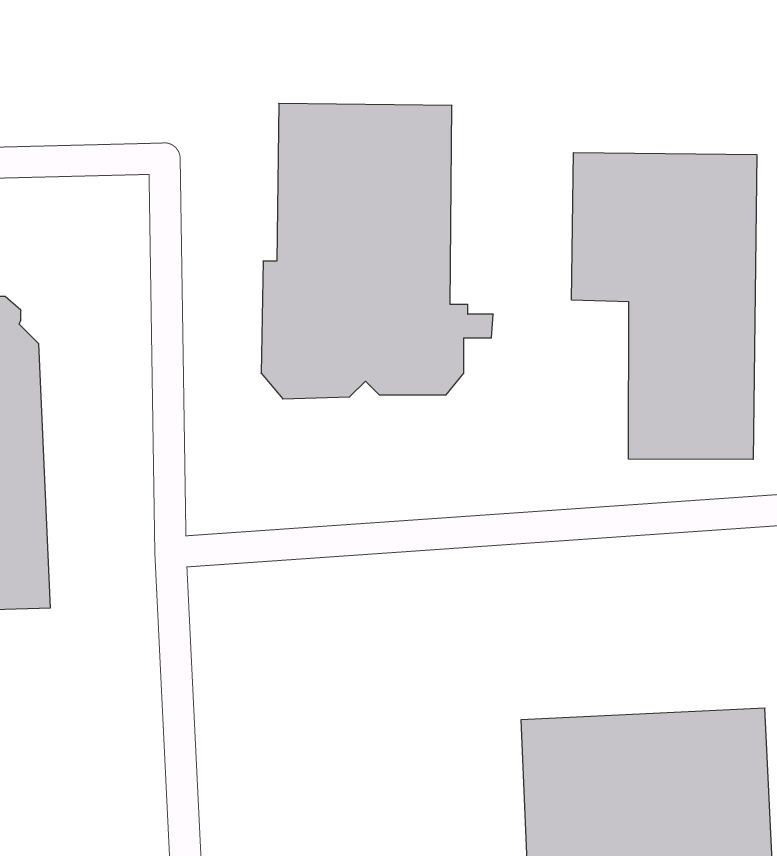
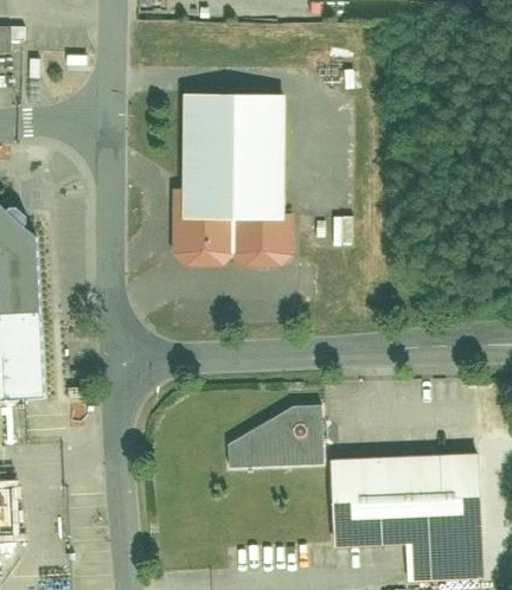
building: [572,153,757,459] -> none
building: none -> [225,408,321,469]

